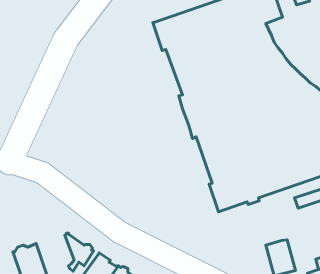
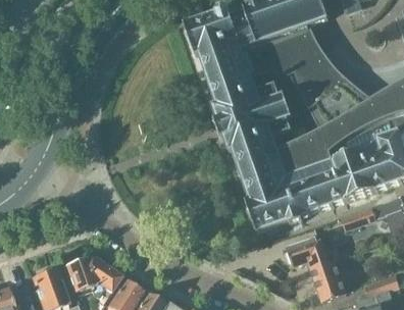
building: none -> [287,239,327,270]
building: none -> [65,257,99,297]

